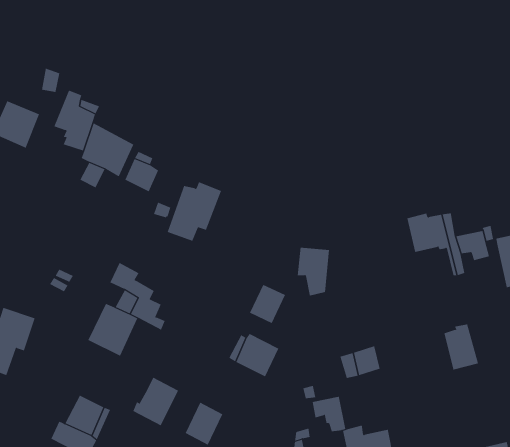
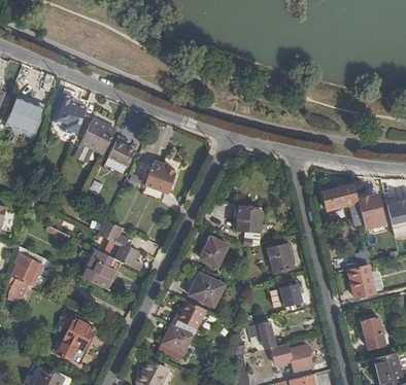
building: none -> [268,241,294,271]
building: [132,377,179,426] -> [172,297,207,335]
building: none -> [362,316,384,348]

